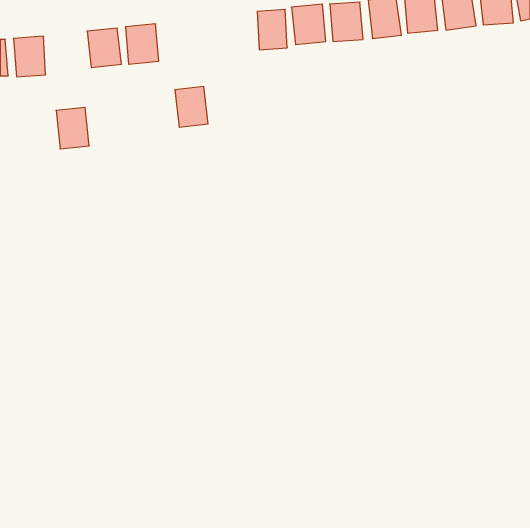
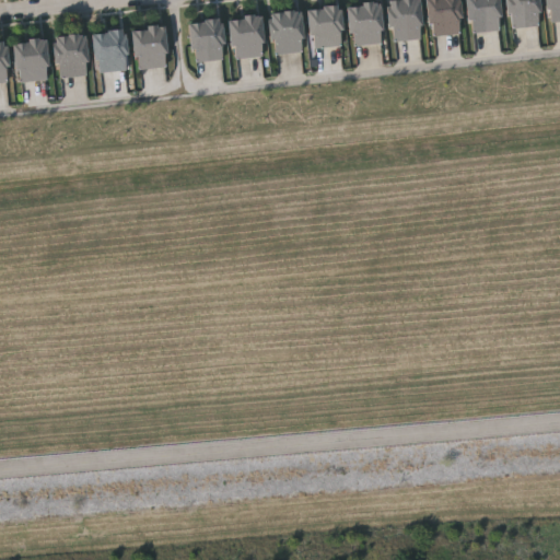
building: none -> [229,15,265,57]
building: [175,87,208,127] -> [189,19,224,61]
building: [56,107,89,149] -> [54,33,89,77]

